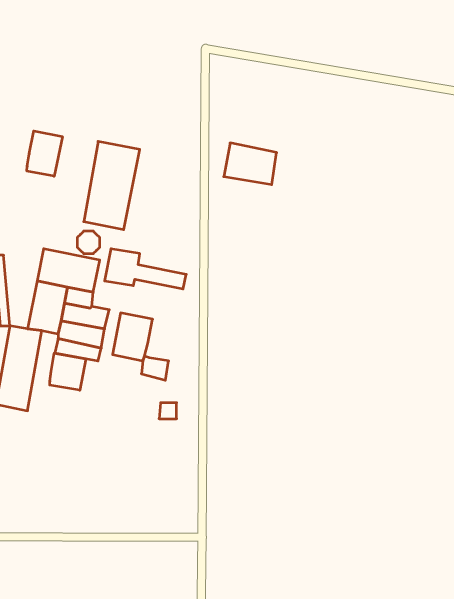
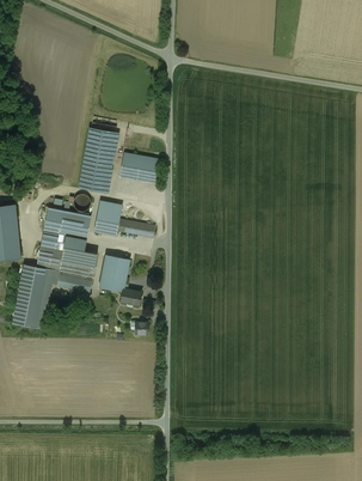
building: [27,131,62,176] -> none
building: [224,143,277,185] -> [118,152,158,183]
building: [50,353,86,390] -> none

